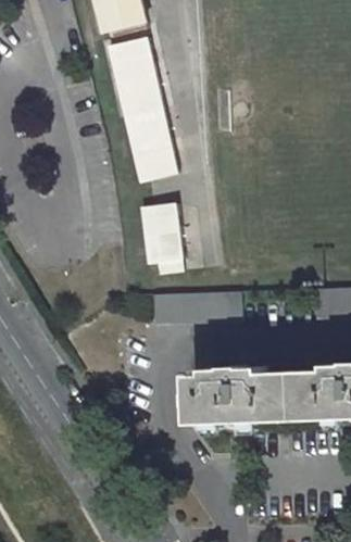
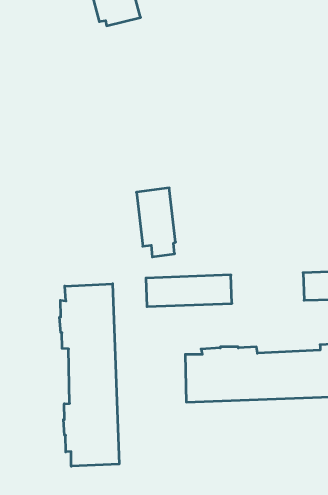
building: [111,39,176,181] -> none
building: none -> [60,284,119,466]

